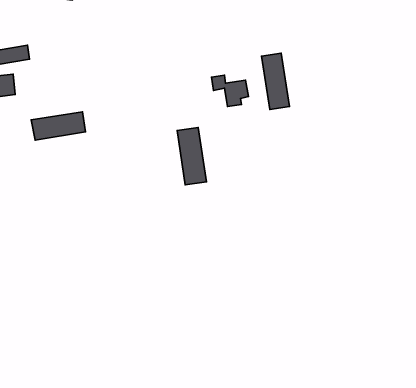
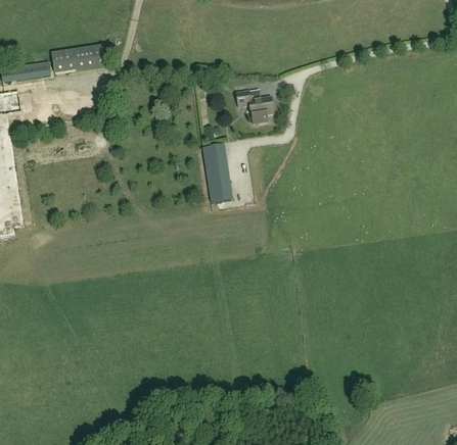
building: [262,53,289,110] -> none
building: [31,112,86,140] -> [51,43,106,71]

